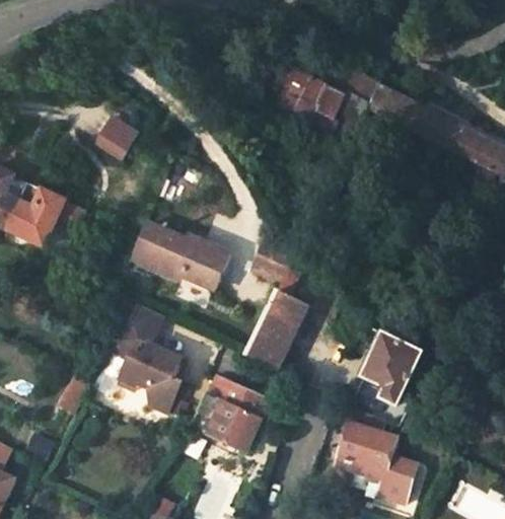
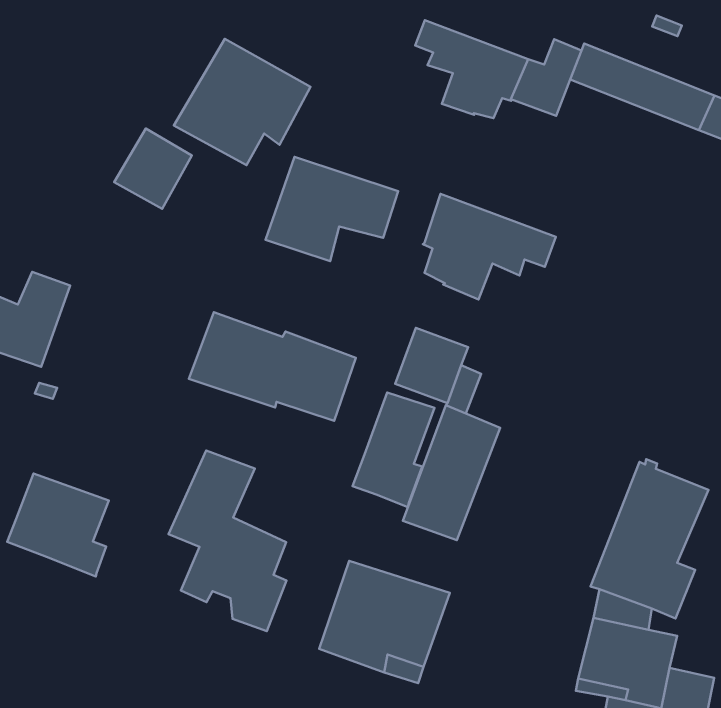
building: none -> [174,39,310,165]
building: none -> [265,157,398,261]
building: none -> [423,194,556,299]
building: none -> [352,393,435,507]
building: none -> [7,473,109,576]

